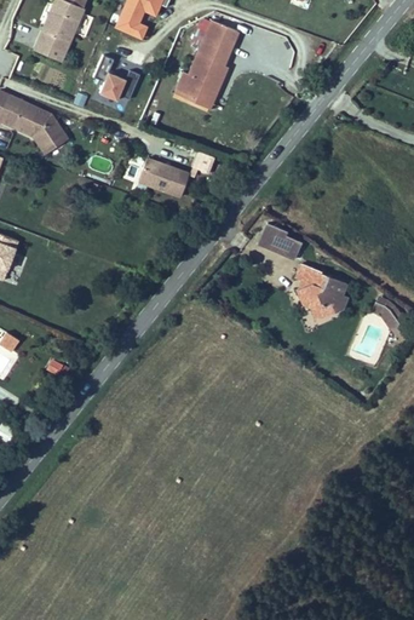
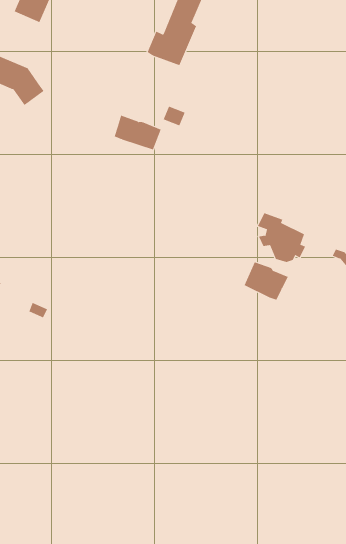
building: [96,56,139,101] -> none
building: [259,224,293,257] -> none
building: none -> [244,261,289,301]

